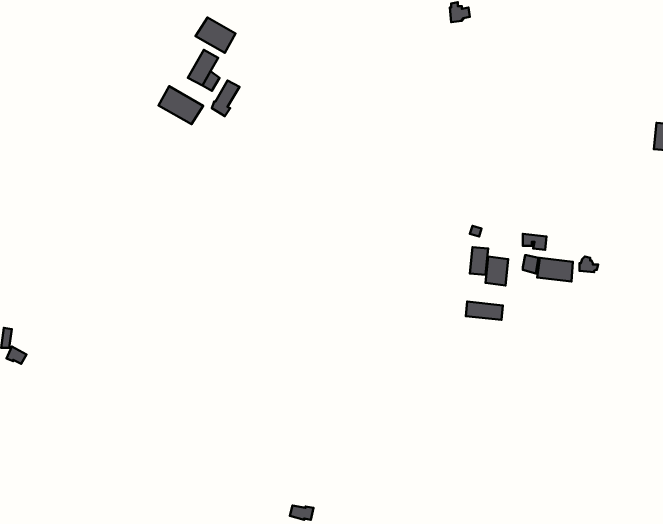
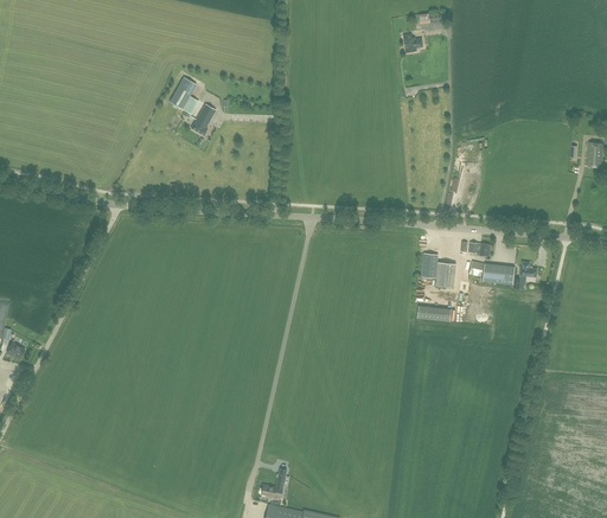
building: [196,18,235,53] -> none
building: [158,86,203,124] -> none

